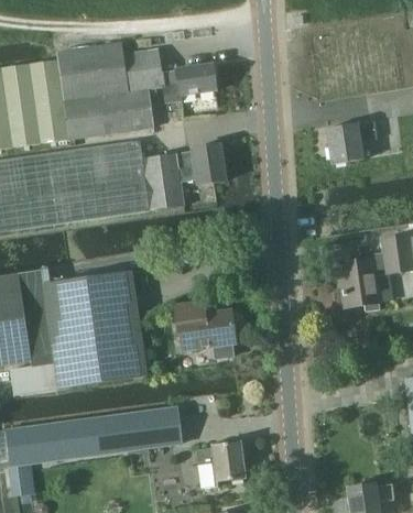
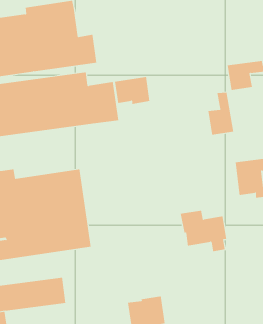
building: [123,47,216,102] -> none
building: none -> [208,92,234,136]
building: [174,303,238,359] -> [180,210,227,252]
building: [108,406,182,451] -> none

